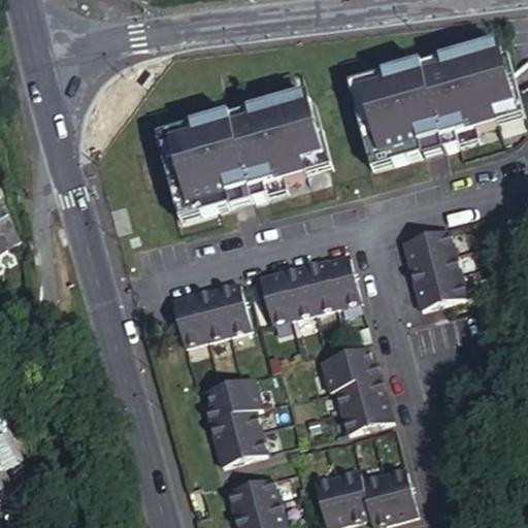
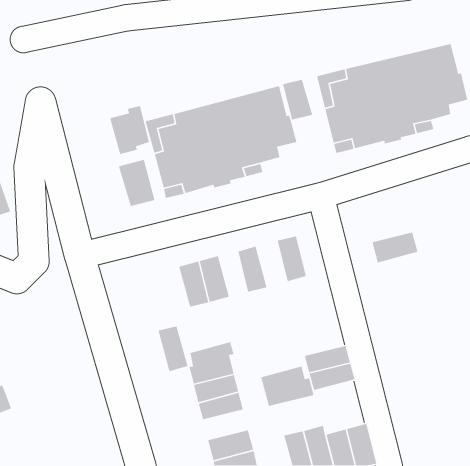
building: none -> [282,79,313,121]
building: none -> [109,105,150,155]
building: none -> [118,159,156,207]
building: [402,231,454,266] -> none
building: [326,253,359,304] -> none
building: [282,264,316,317] -> none
building: [415,277,465,312] -> none
building: [174,293,208,344] -> [158,325,189,372]
building: [321,346,381,393] -> [260,365,315,408]

